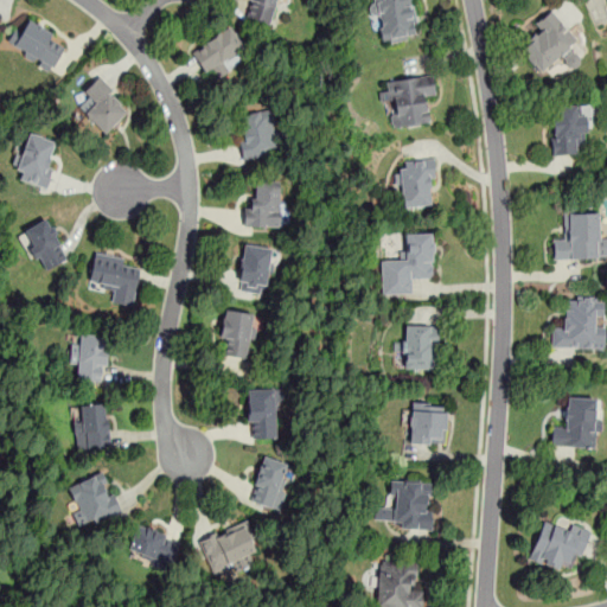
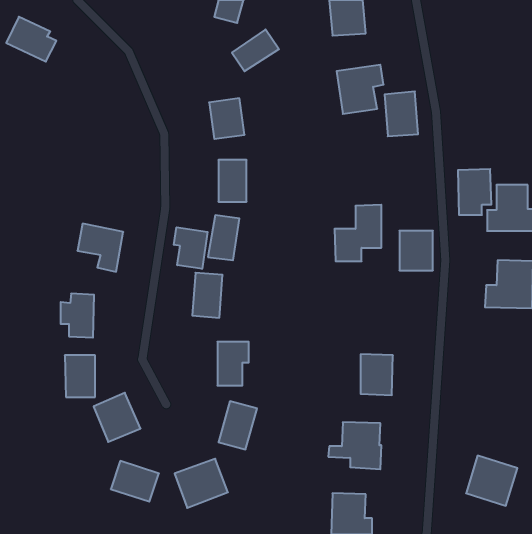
building: [522,11,581,75] -> none
building: [193,27,247,75] -> [232,29,279,71]
building: [77,79,133,135] -> none
building: [551,104,589,156] -> [458,169,491,215]
building: [15,132,59,186] -> none
building: [398,159,436,210] -> [385,91,418,136]
building: [24,217,70,271] -> none
building: none -> [174,227,208,269]
building: [402,325,440,370] -> [399,231,433,270]
building: [552,396,601,449] -> none
building: [68,473,121,529] -> [94,393,141,442]

